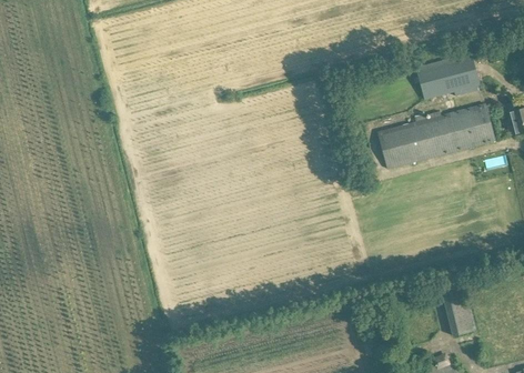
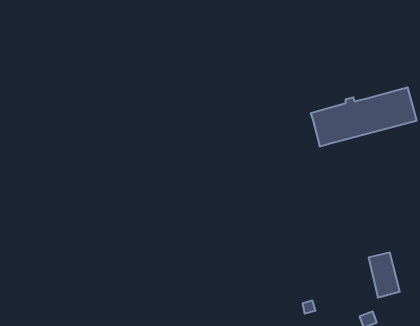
building: [416,54,480,100] -> none

